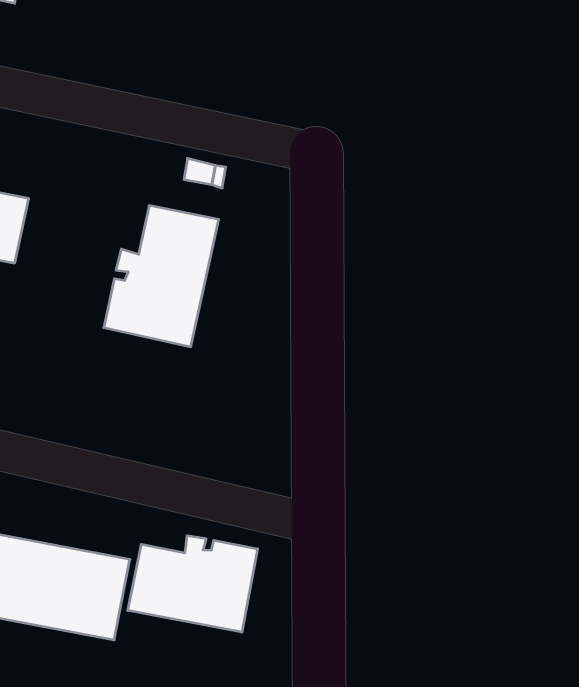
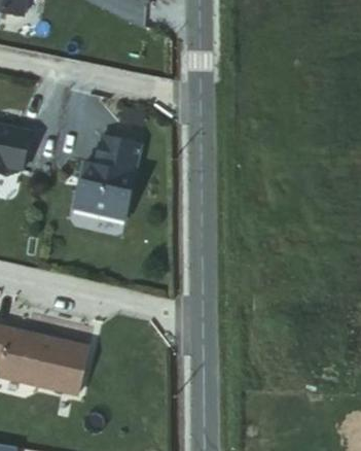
building: [128,536,258,632] -> none

